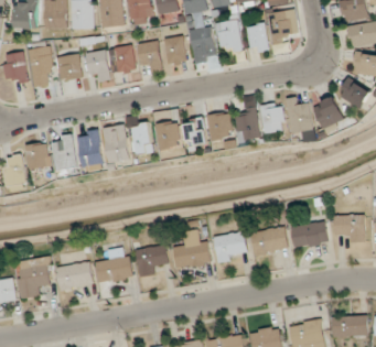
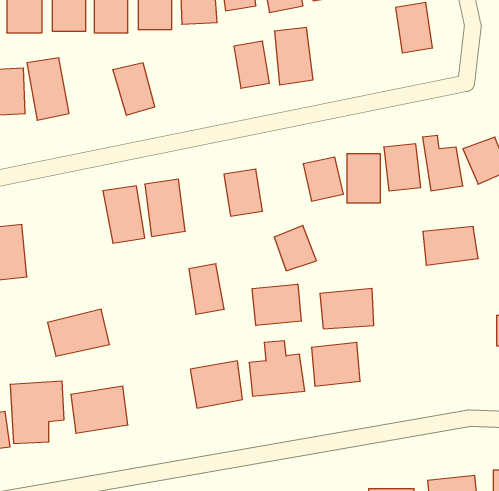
building: [215,19,243,55] -> none
building: [246,23,269,53] -> none
building: [138,41,161,73] -> none
building: [112,45,136,74] -> none
building: [56,54,83,80] -> none
building: [183,118,211,148] -> [274,225,316,271]
building: [132,122,155,155] -> [189,264,224,314]
building: [52,135,78,171] -> none
building: [25,141,53,171] -> none
building: none -> [252,284,301,326]
building: [291,223,327,248] -> [423,227,478,265]
building: [251,228,287,254] -> [320,288,374,329]
building: [94,254,135,285] -> [47,309,110,356]

